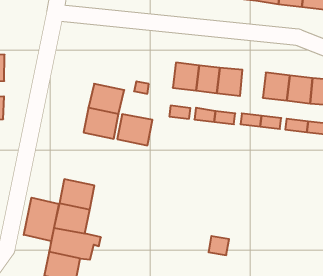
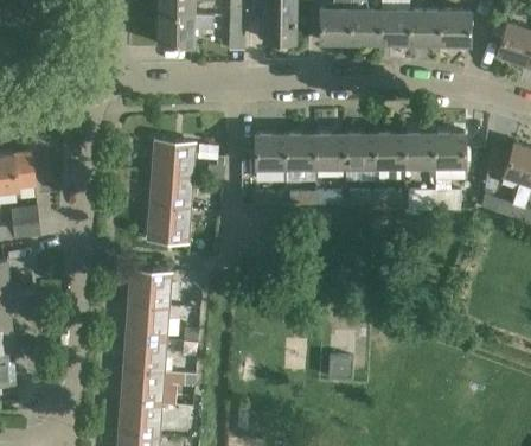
building: none -> [343,135,373,170]
building: [117,114,152,145] -> [152,144,194,180]
building: none -> [128,273,172,310]
building: [24,198,59,241] -> none

